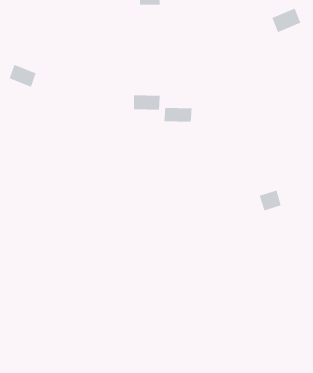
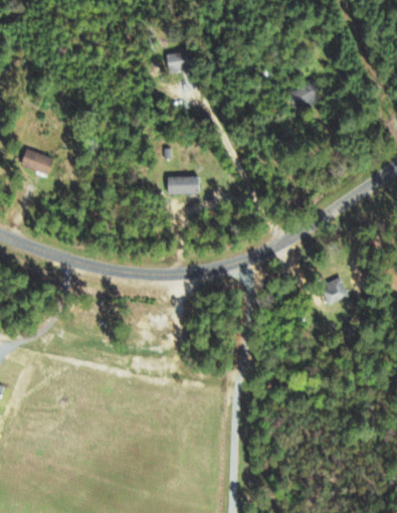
building: [271,8,301,33] -> [288,81,324,112]
building: [164,107,192,123] -> none

